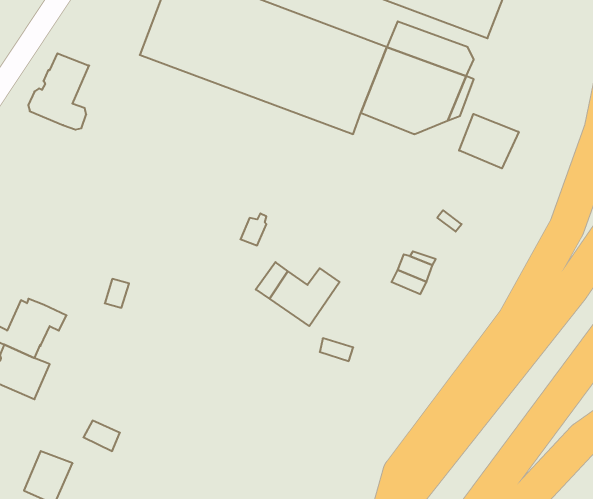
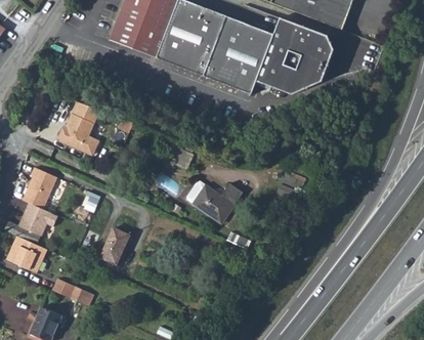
building: [28,53,89,130] -> [59,102,100,154]
building: [459,114,519,168] -> none
building: none -> [23,166,57,208]
building: none -> [100,227,130,264]

